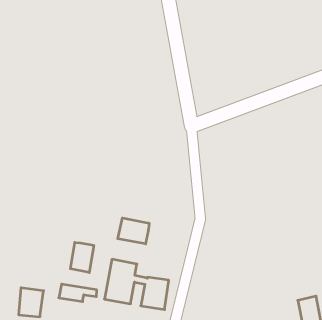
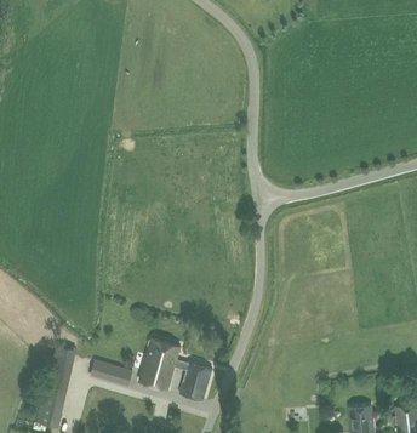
building: [118,218,149,244] -> none
building: [70,242,94,273] -> none

